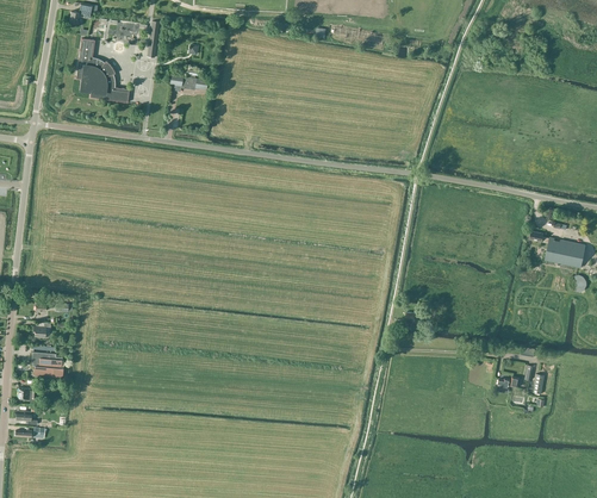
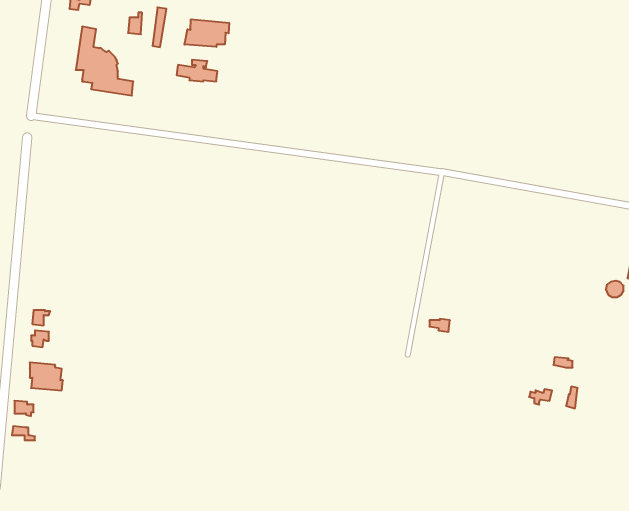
building: none -> [184,19,229,47]
building: [529,230,585,267] -> none

